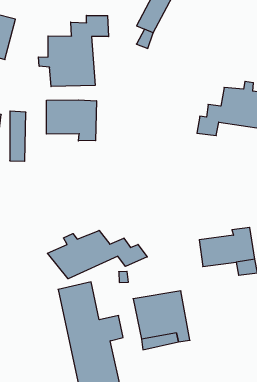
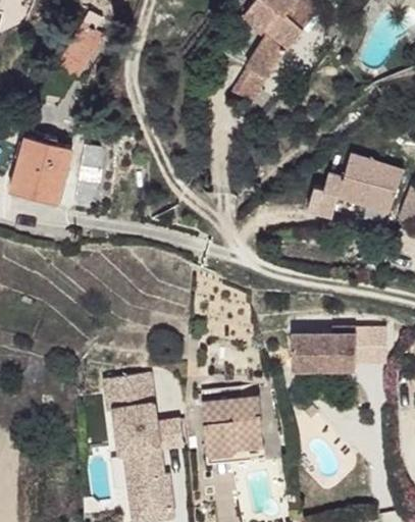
building: [38,15,109,87] -> none
building: [46,100,96,141] -> none
building: [47,230,147,279] -> none

